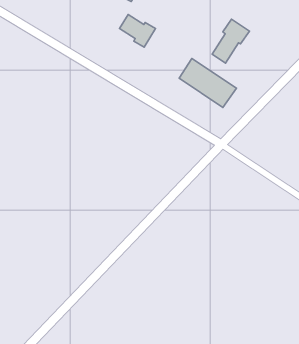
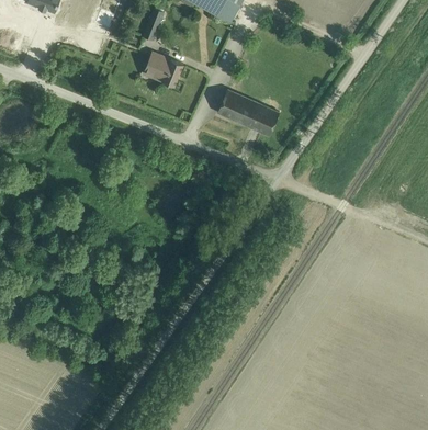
building: [212,19,249,63] -> none

